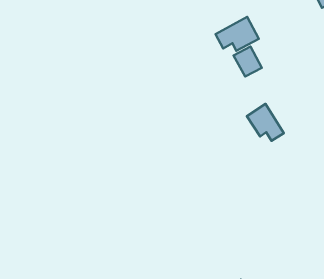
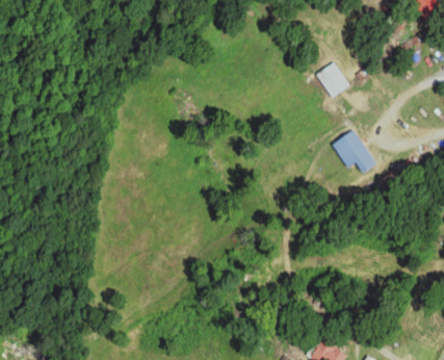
building: [216,17,259,51] -> none

